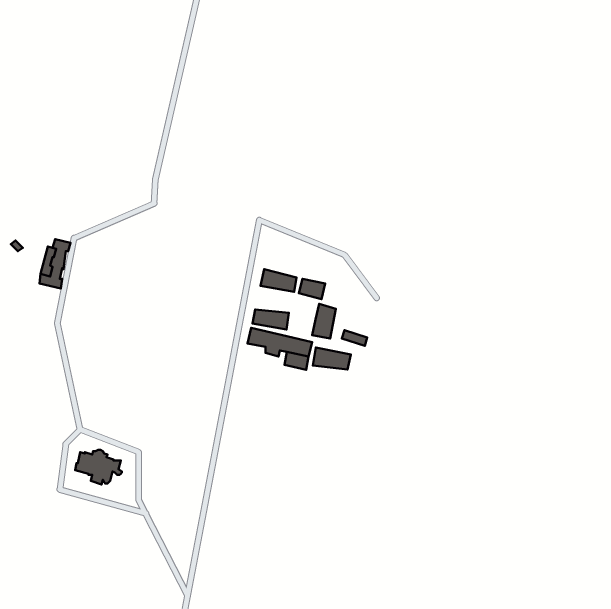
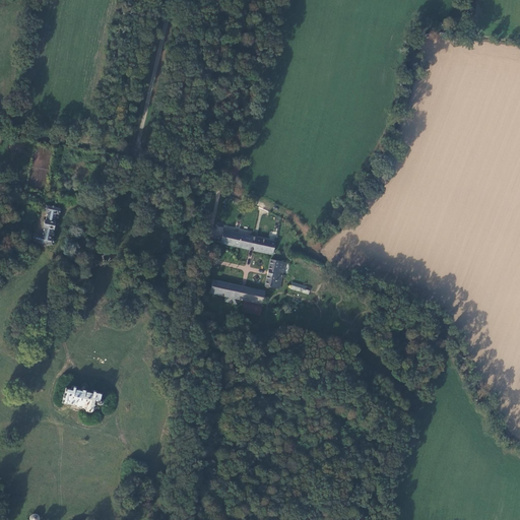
building: [253,309,289,330] -> none
building: [313,347,351,370] -> none

